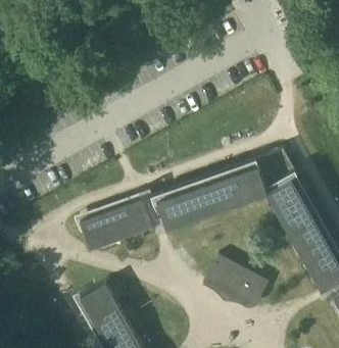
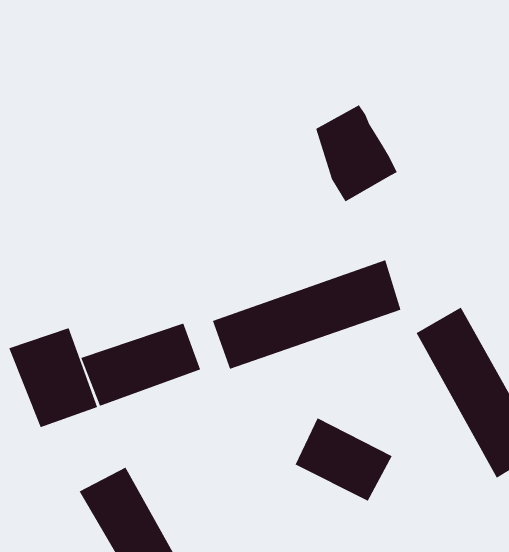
building: [256,149,304,206] -> [315,104,398,202]
building: none -> [8,327,98,428]

